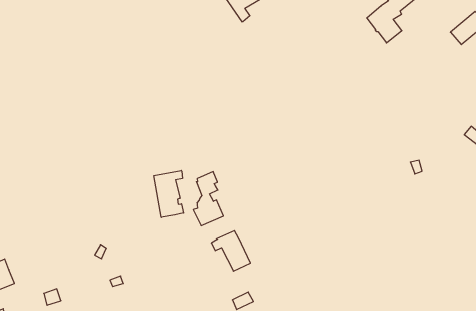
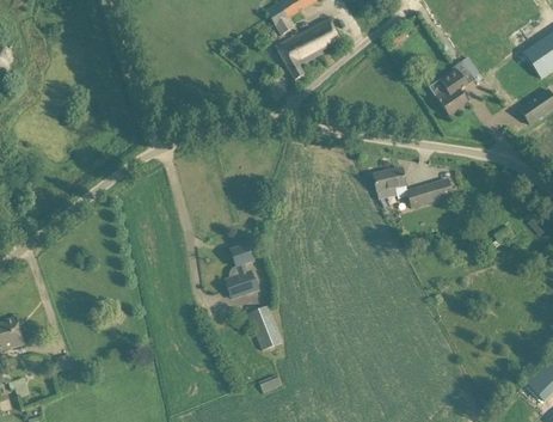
building: none -> [373,169,453,208]
building: [154,170,184,217] -> none

